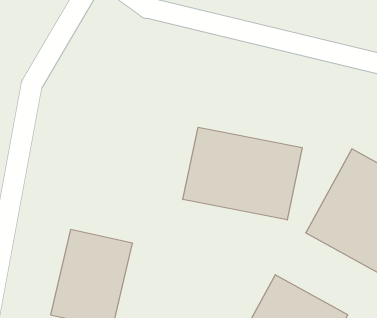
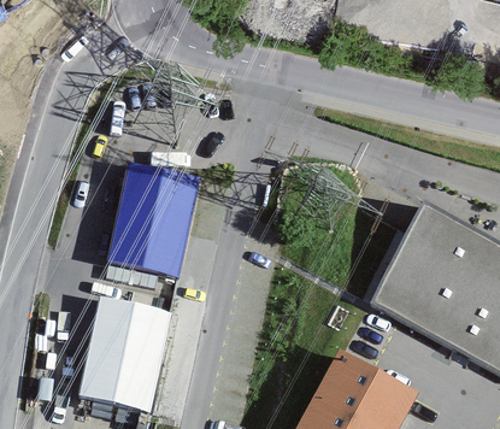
building: none -> [108,164,200,276]
building: [183,127,302,220] -> none

